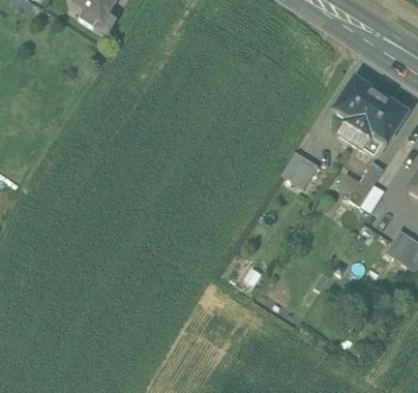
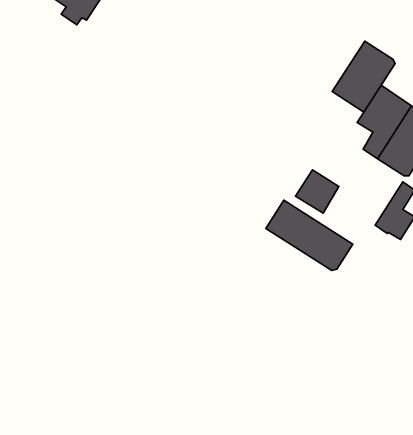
building: none -> [332,41,395,112]
building: none -> [266,200,353,270]

